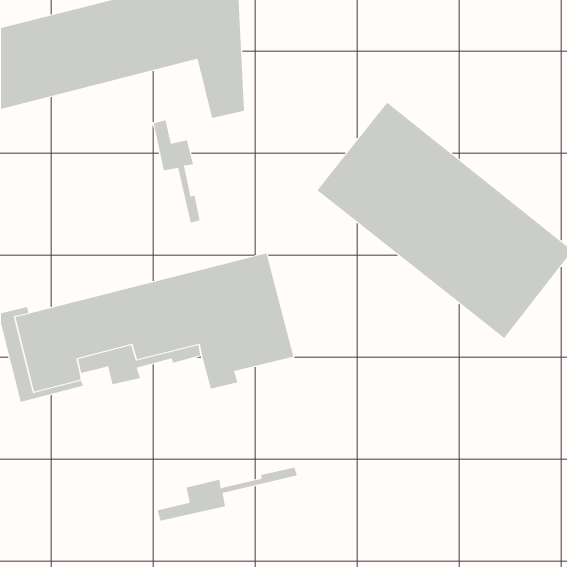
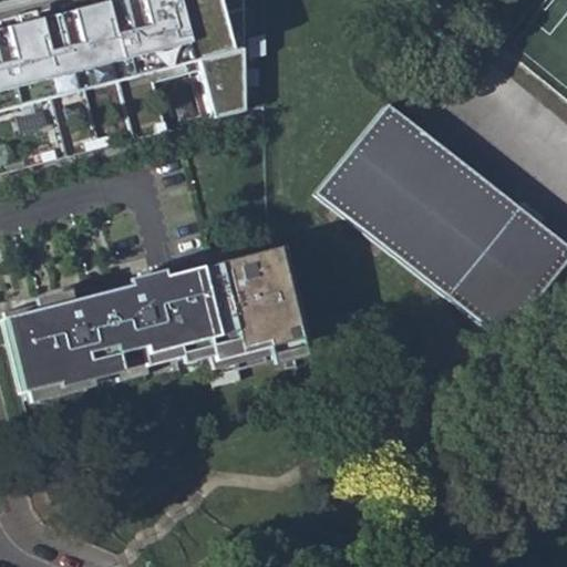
building: [153,119,200,223] -> none
building: [157,467,298,522] -> none

